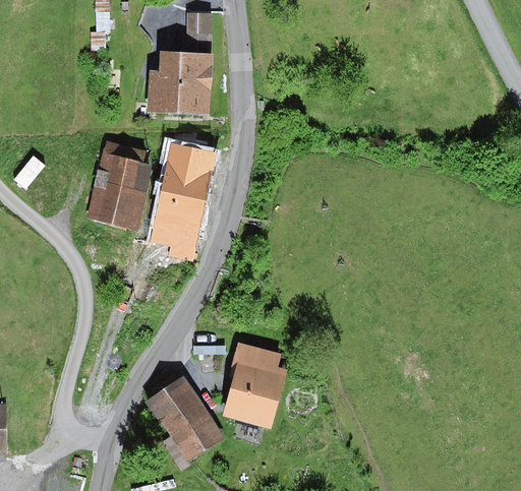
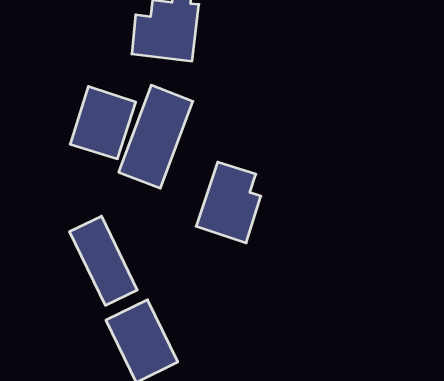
building: none -> [70,216,137,305]
building: [222,341,290,426] -> [196,162,261,243]

